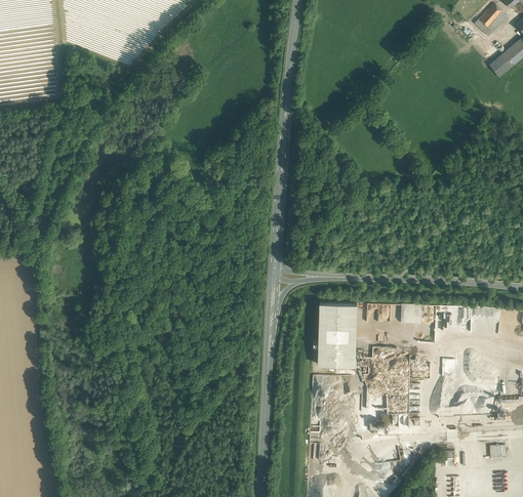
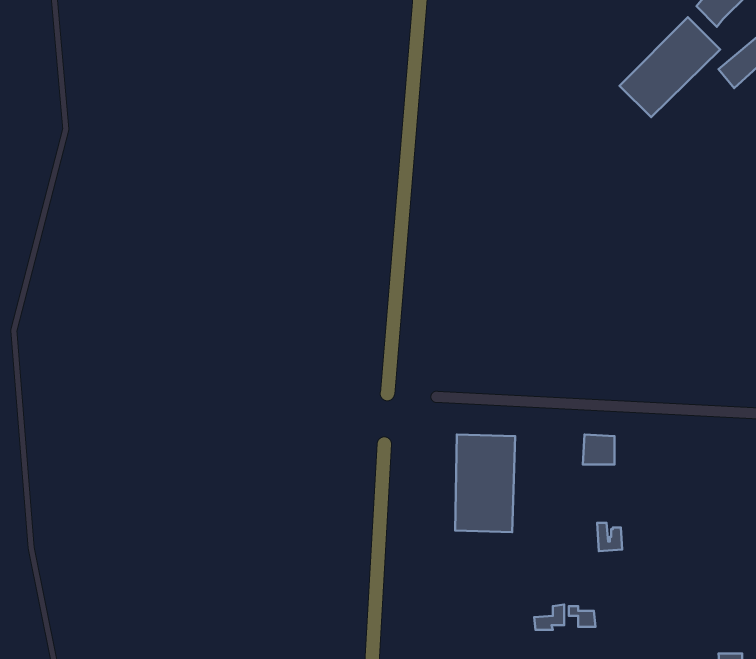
building: none -> [620,17,720,117]

